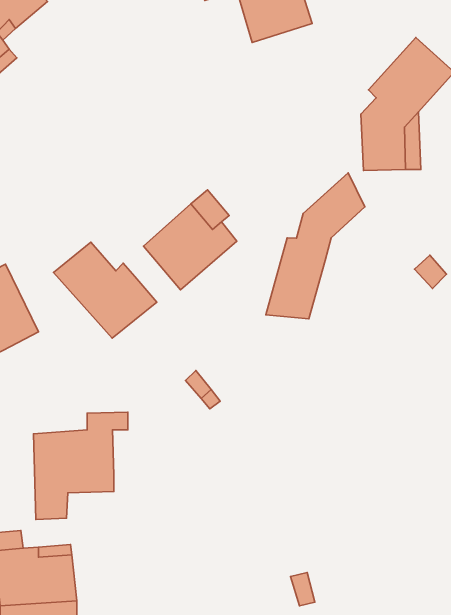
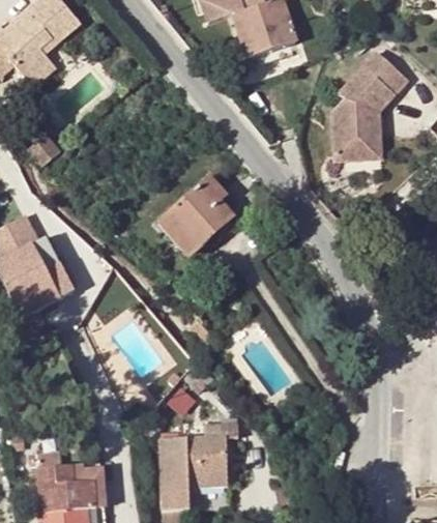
building: [266,173,365,319] -> none
building: [53,242,157,338] -> none
building: [33,412,128,520] -> [162,422,238,509]

